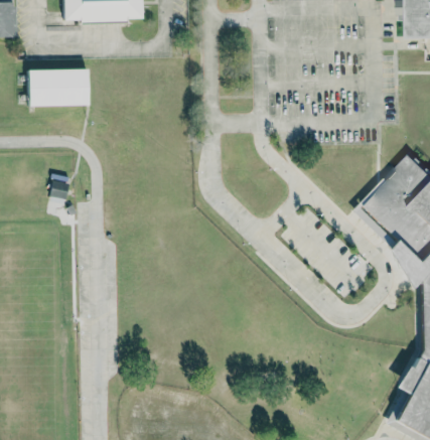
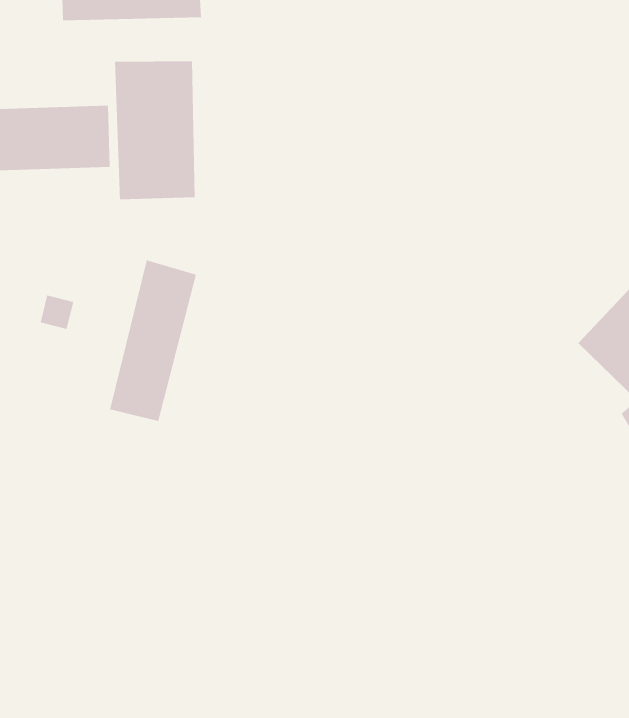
building: none -> [114,60,195,200]
building: none -> [110,260,197,422]

